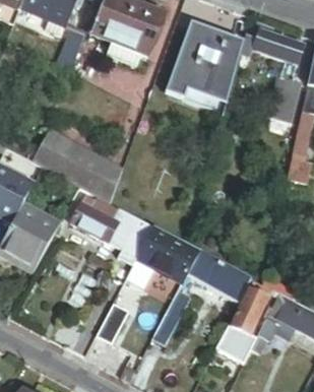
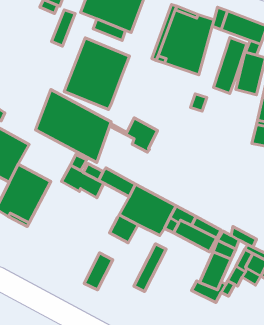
building: none -> [214,37,247,93]
building: none -> [64,38,129,110]
building: [91,224,145,263] -> [110,118,158,152]

